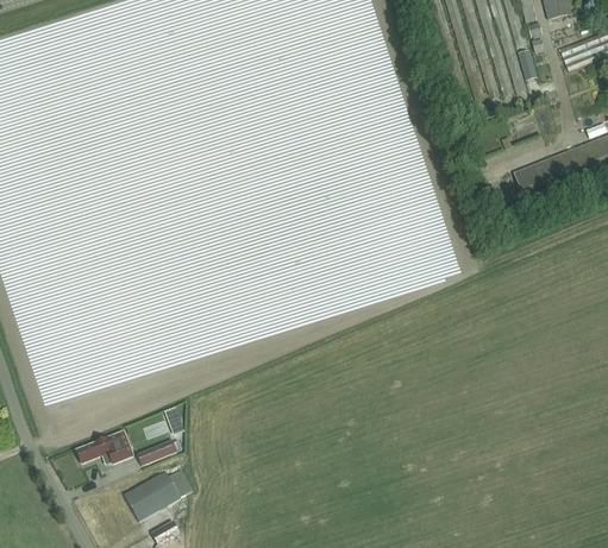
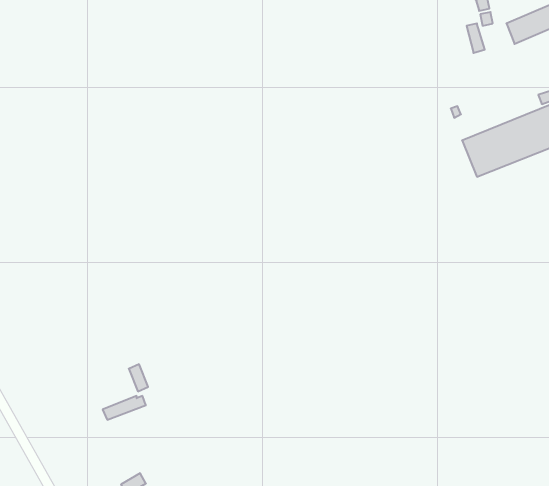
building: [77,432,132,464] -> none
building: [124,468,193,521] -> none

